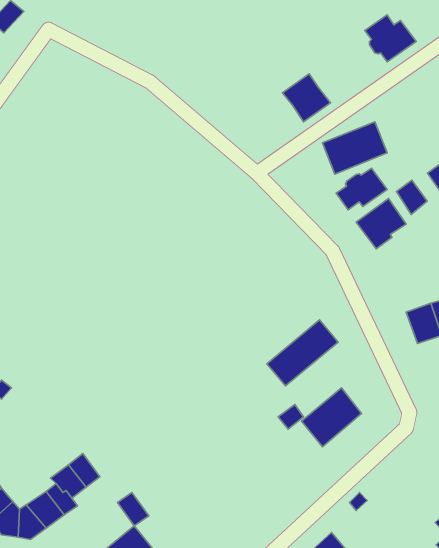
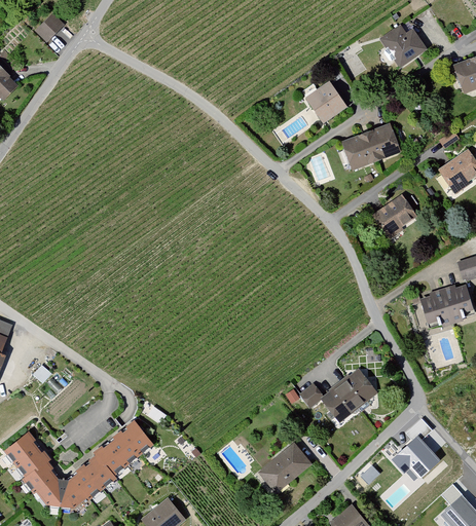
building: [336,168,387,210] -> none
building: [396,180,427,214] -> none
building: [267,320,338,386] -> none
building: none -> [396,436,441,475]
building: none -> [257,442,312,495]
building: [118,493,149,526] -> [119,420,148,451]

